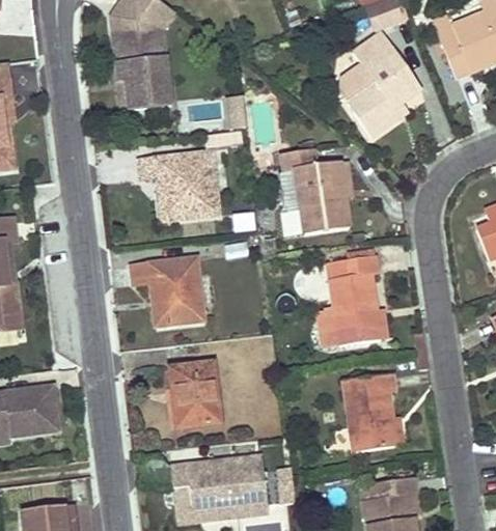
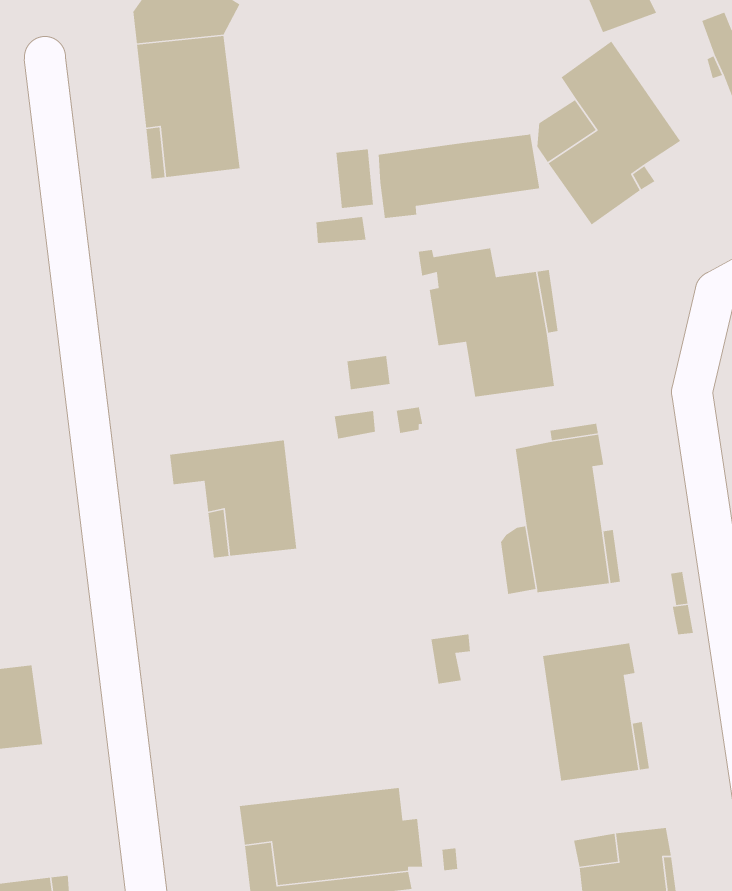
building: none -> [378,133,540,219]
building: [138,151,219,220] -> none
building: [170,362,220,426] -> none

